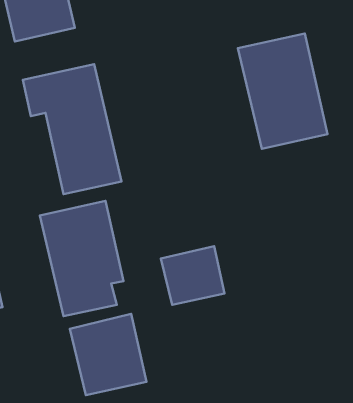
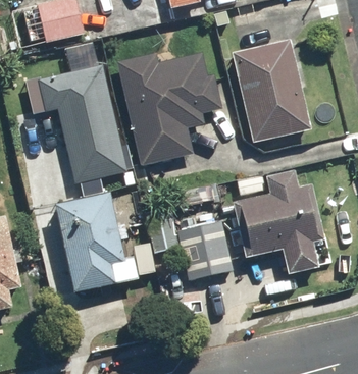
building: none -> [117,50,222,166]
building: none -> [234,169,323,274]
building: [70,314,147,395] -> none

